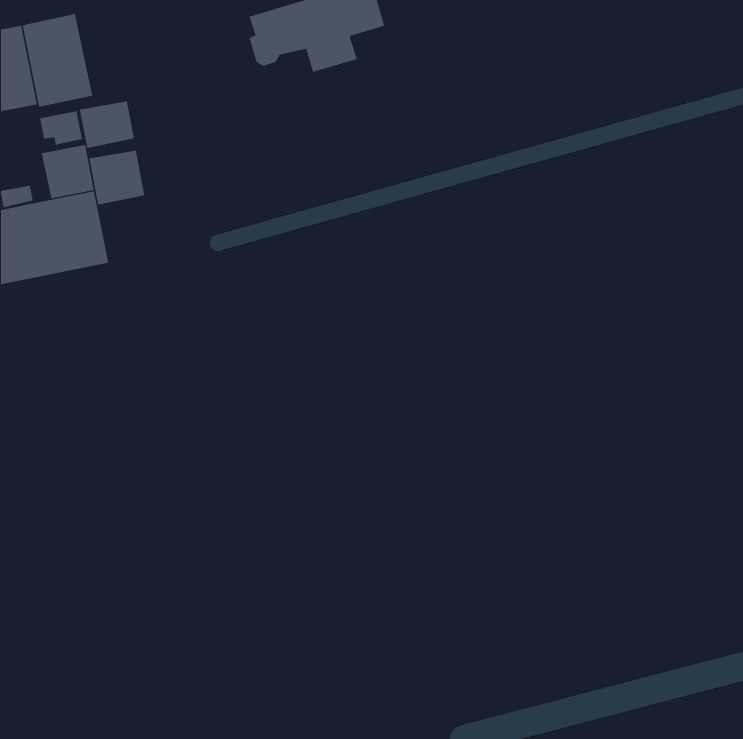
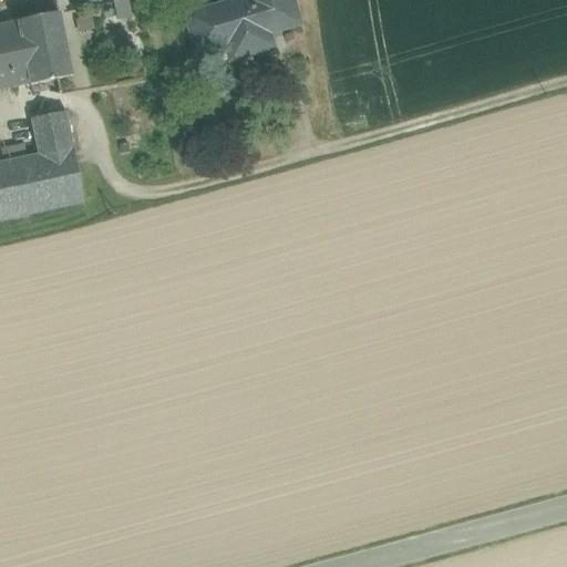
building: [79,101,135,149] -> none
building: [88,150,145,205] -> none

